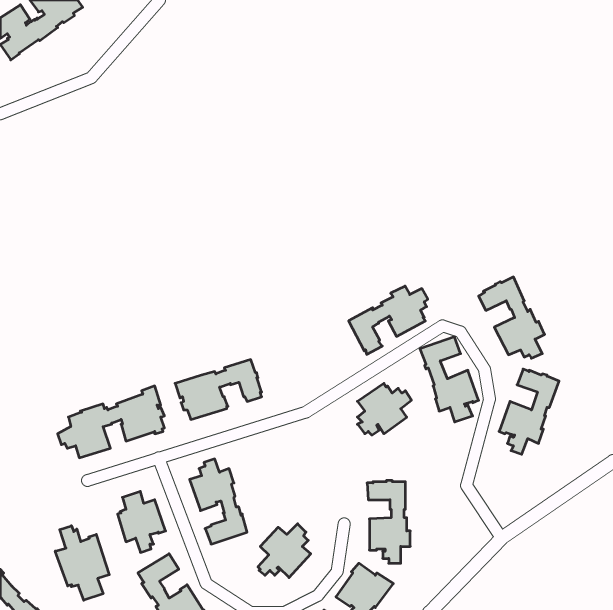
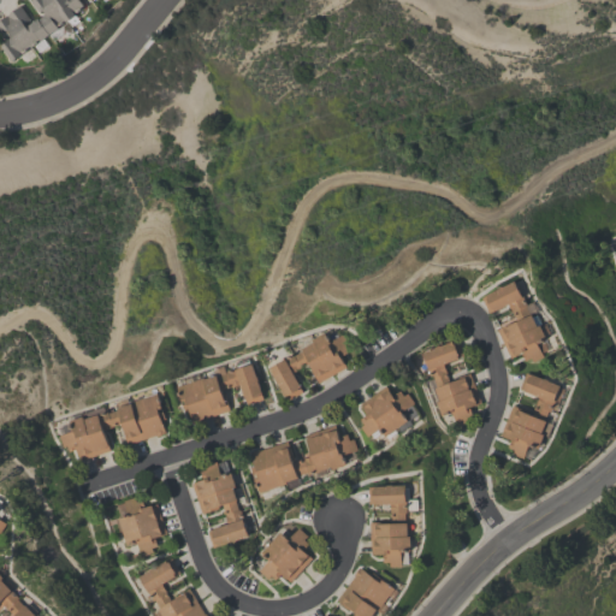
building: [349,286,428,354] -> [268,333,348,402]
building: none -> [249,426,356,494]
building: [55,526,109,600] -> none

